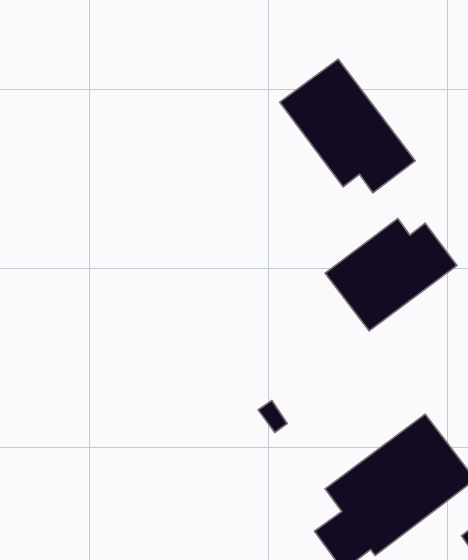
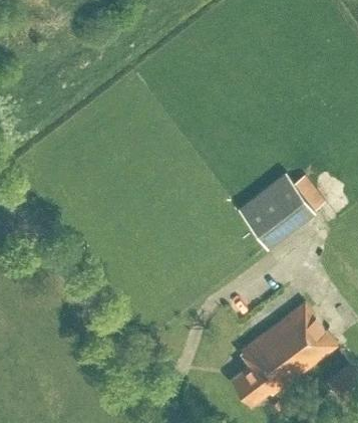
building: [280,59,415,193] -> none

